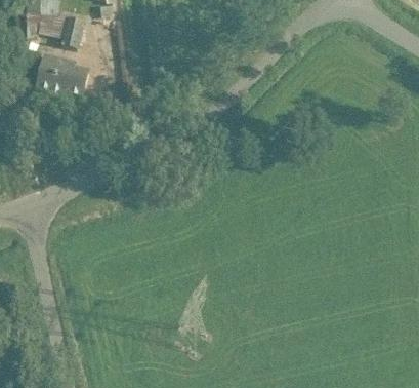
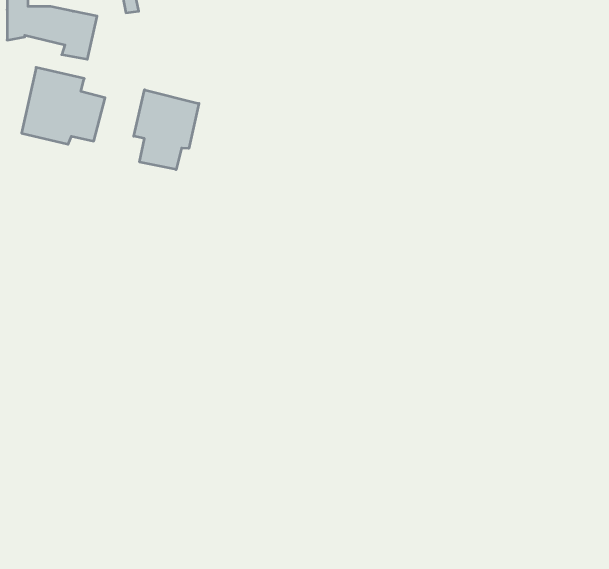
building: none -> [134,90,199,170]

